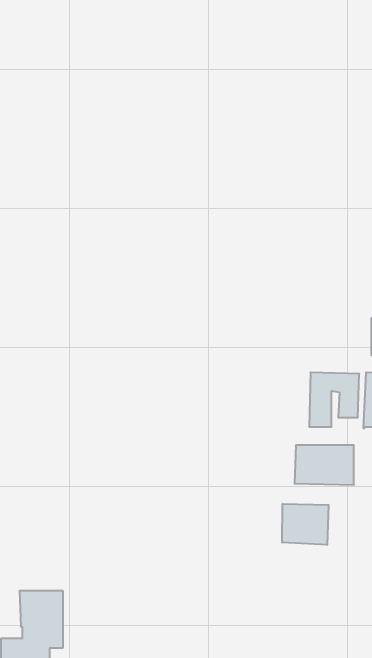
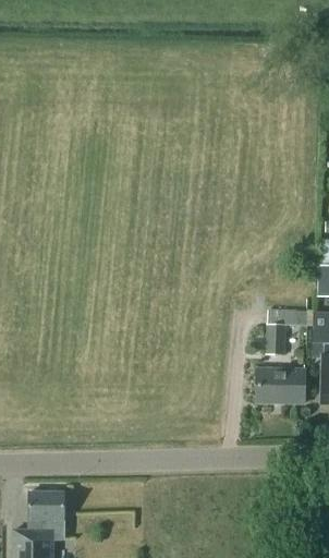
building: [282,504,329,545] -> none

